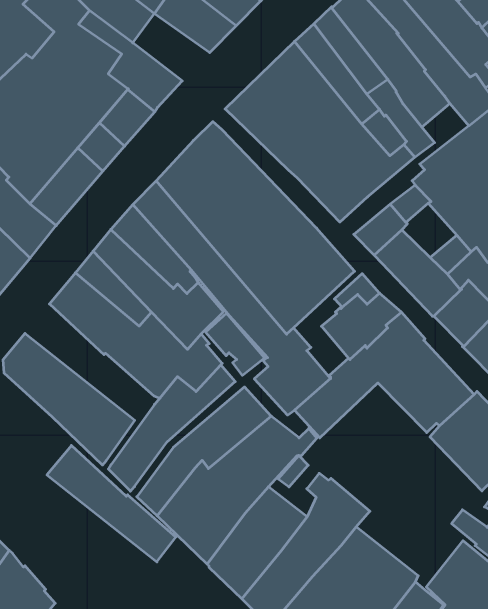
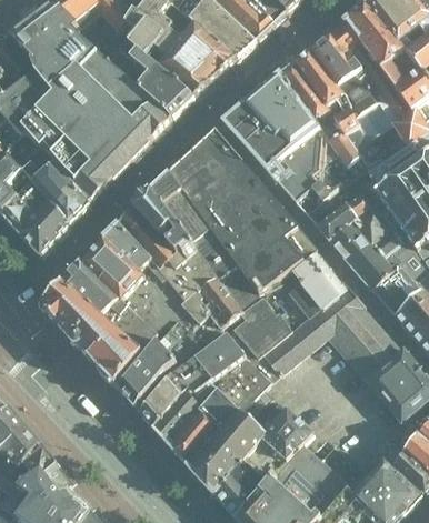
building: none -> [157,46,214,98]
building: none -> [351,202,392,243]
building: [47,445,176,562] -> [61,260,156,352]

